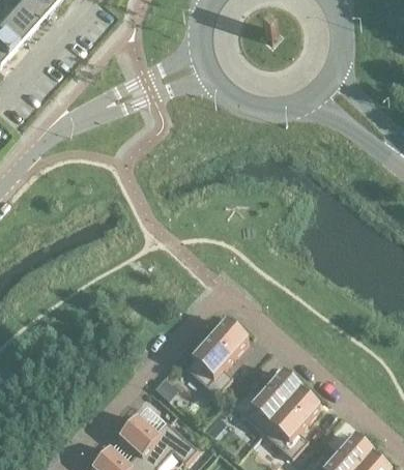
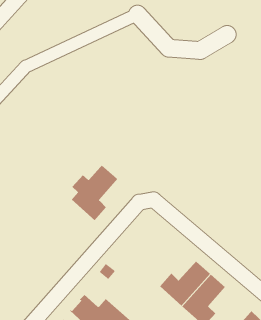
building: [185,318,248,392] -> [71,163,119,221]

